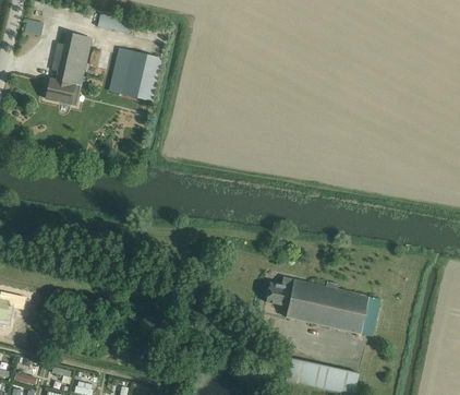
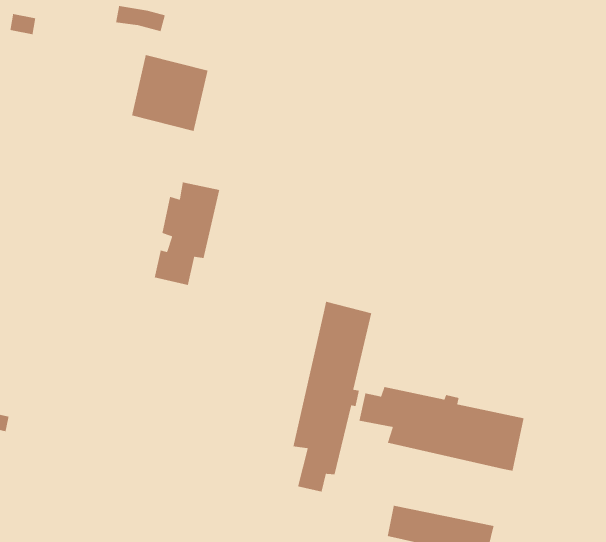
building: [46,32,92,104] -> [154,181,220,286]
building: none -> [292,301,372,493]

